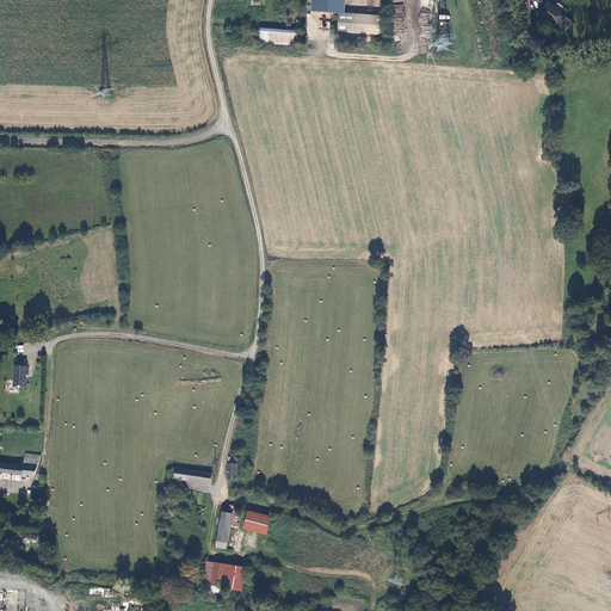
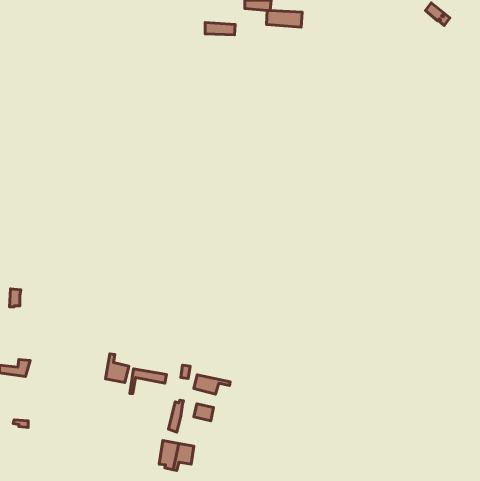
building: none -> [106,354,129,383]
building: none -> [194,375,230,394]

